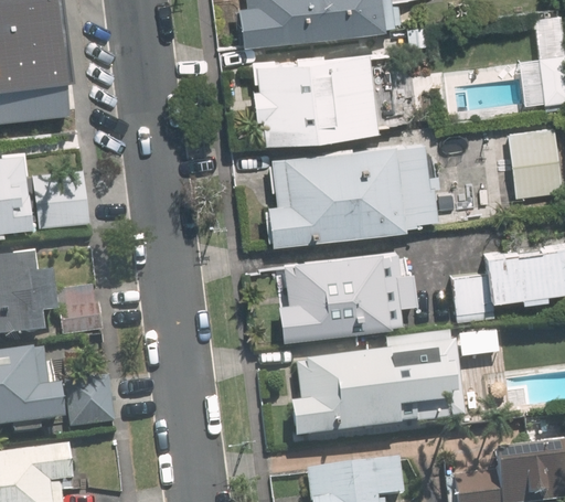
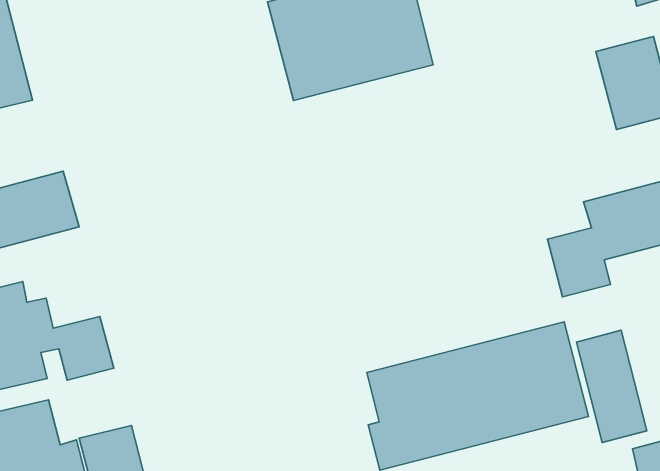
building: [268,138,436,243] -> none
building: [279,249,417,339] -> none
building: none -> [576,330,647,443]

